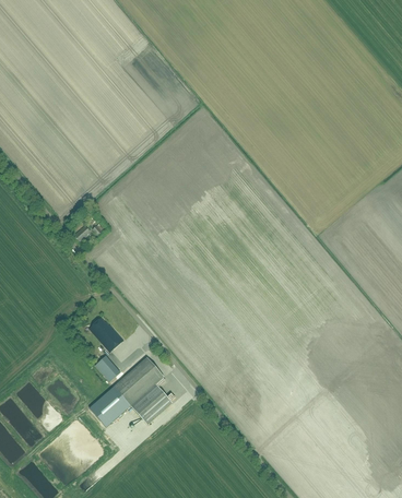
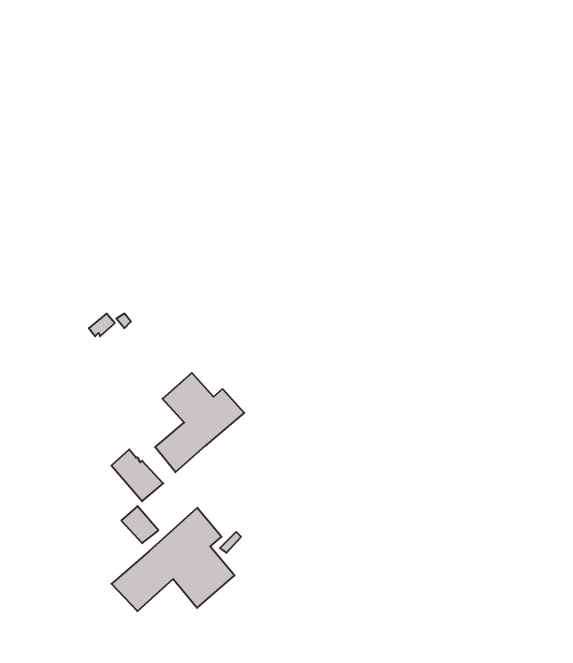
building: none -> [155,373,244,472]

